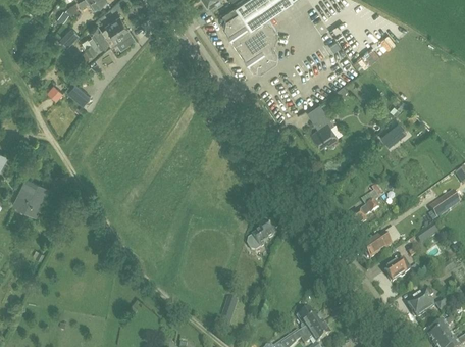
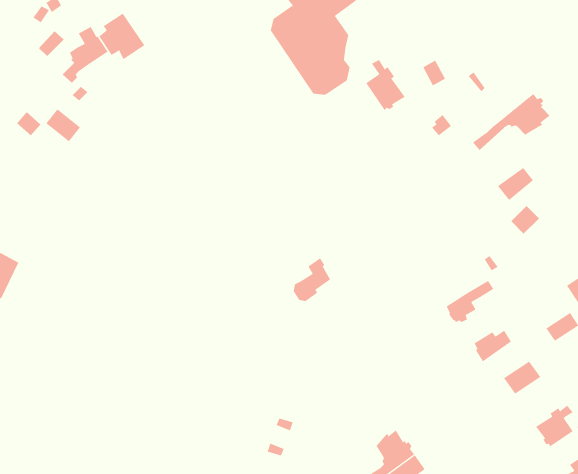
building: none -> [365,59,405,111]
building: none -> [472,93,551,151]
building: [310,112,337,146] -> none
building: [246,218,272,249] -> [293,258,331,302]

